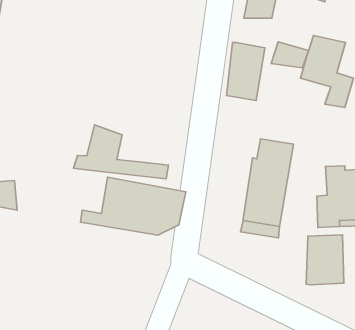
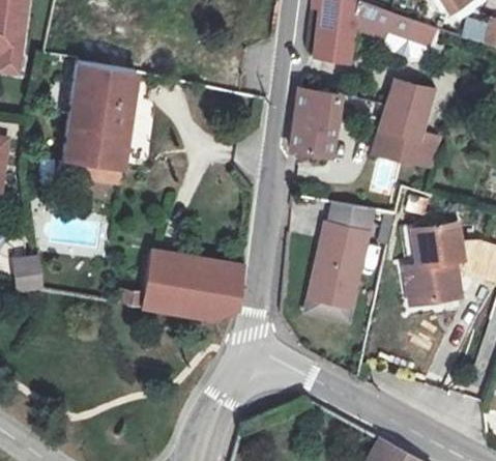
building: none -> [50,62,134,165]
building: [271,42,309,68] -> [373,131,417,162]
building: [74,125,169,179] -> none
building: [306,235,344,285] -> none

